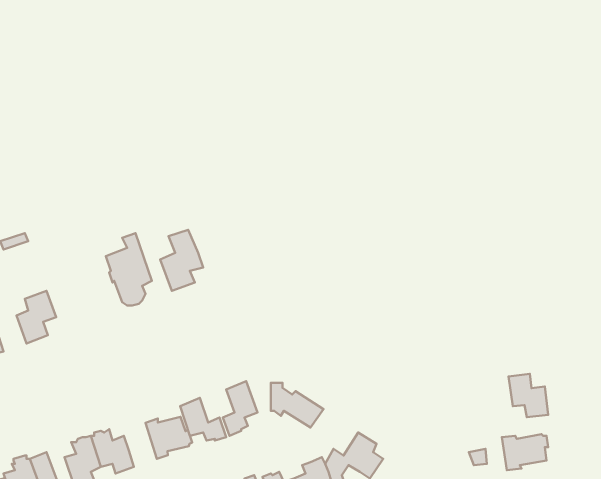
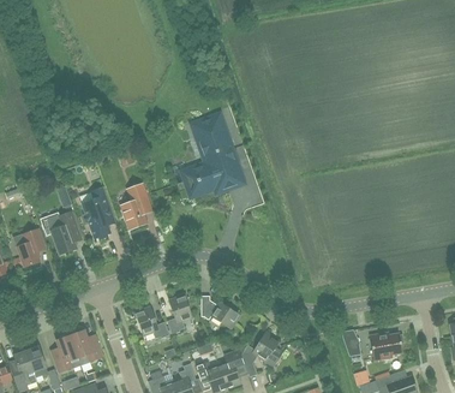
building: none -> [172,113,245,197]
building: none -> [40,212,82,254]
building: [508,374,548,417] -> none
building: [145,417,192,459] -> none

